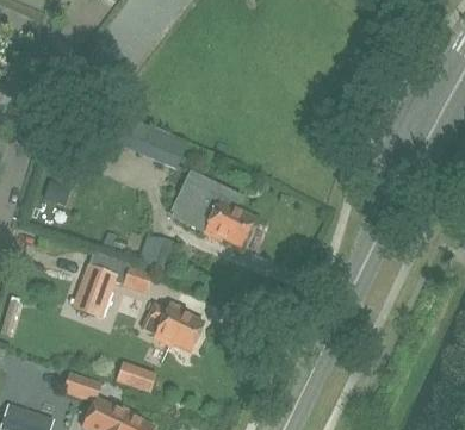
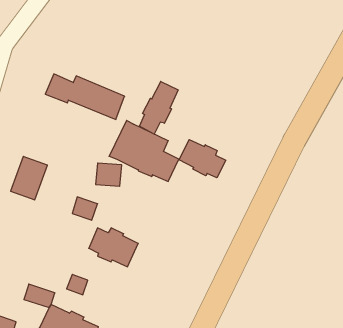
building: none -> [139,81,178,134]
building: none -> [179,140,226,178]
building: [73,263,118,317] -> [11,156,47,200]

